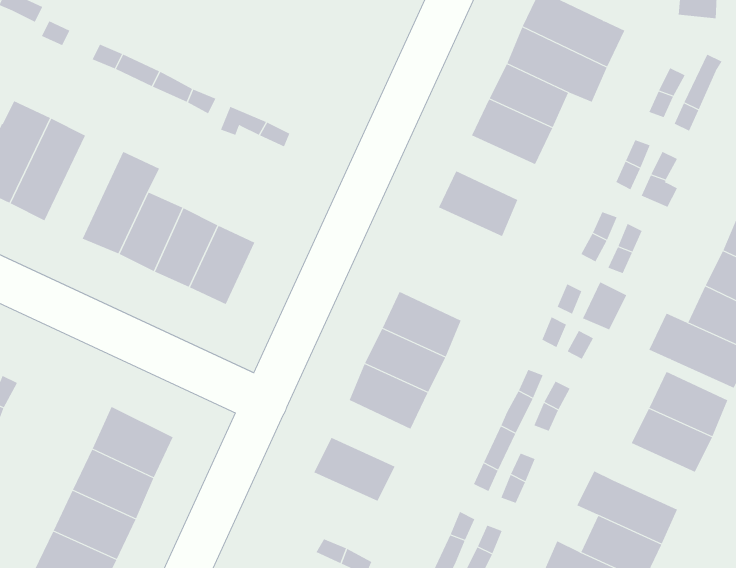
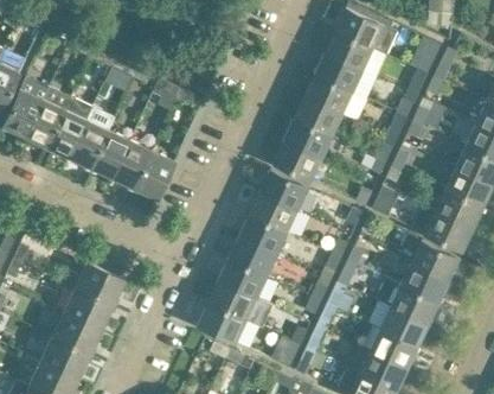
building: none -> [45,96,92,159]
building: none -> [295,96,344,135]
building: none -> [274,140,323,180]
building: none -> [261,169,309,209]
building: none -> [219,258,268,298]
building: none -> [391,284,441,324]
building: none -> [198,301,248,342]

